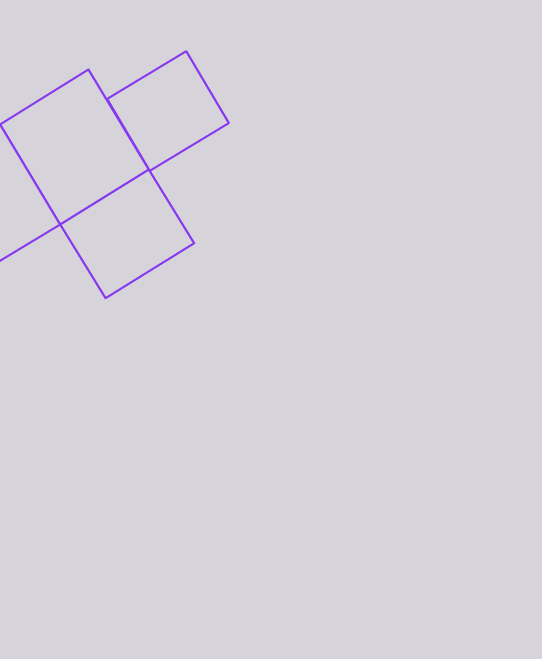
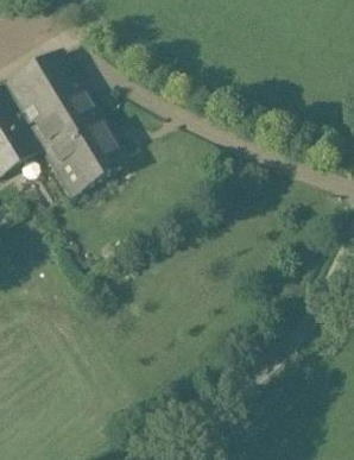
building: [107,51,229,171] -> none

